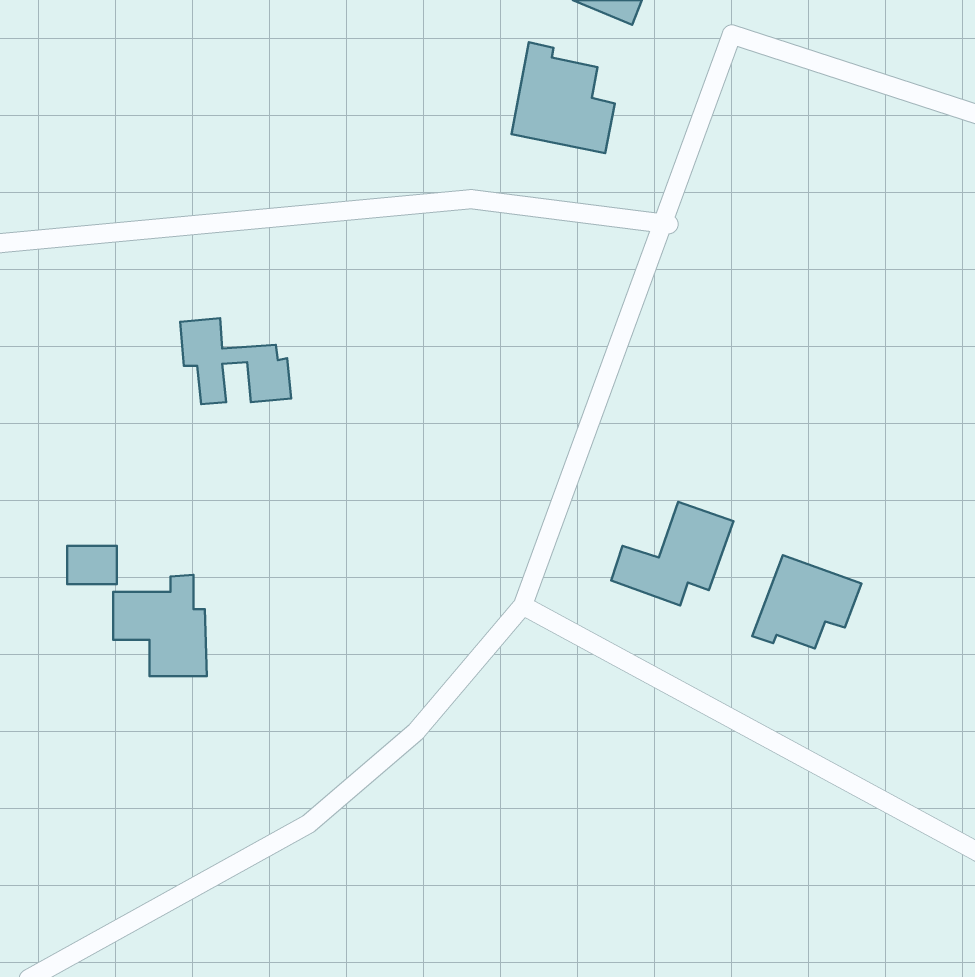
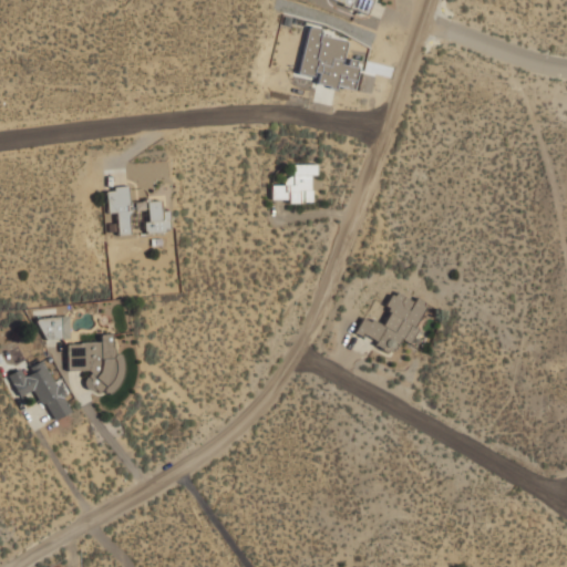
building: none -> [272,164,316,203]
building: [752,555,861,648] -> none
building: none -> [10,358,71,422]

